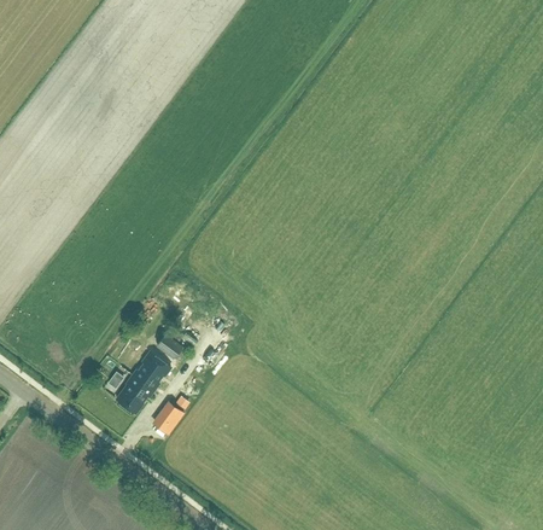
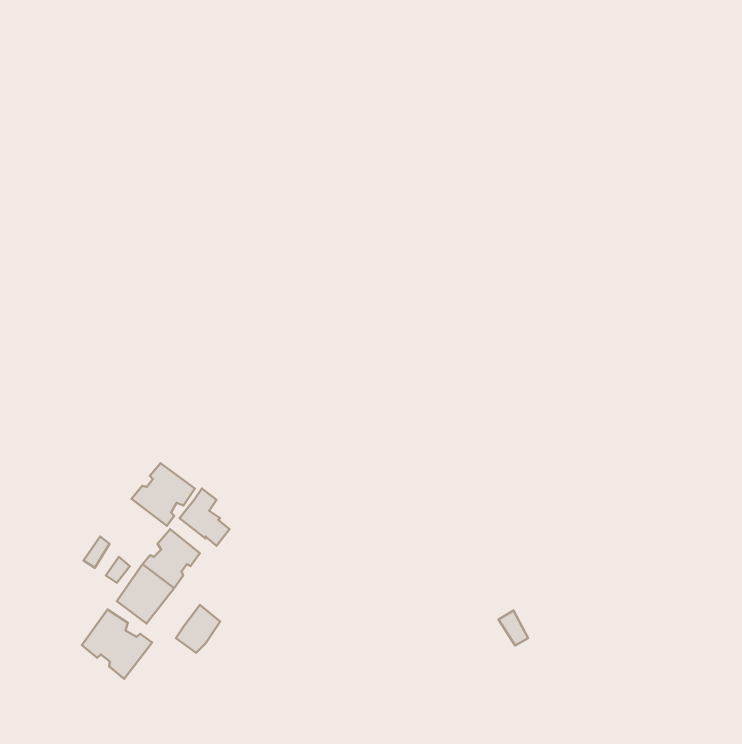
building: none -> [132,463,195,526]
building: none -> [82,609,152,679]

